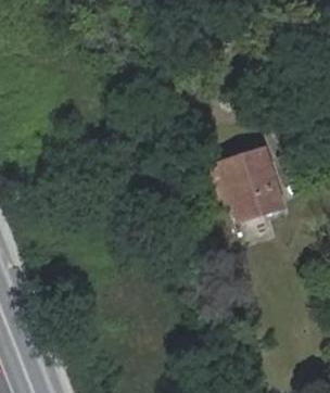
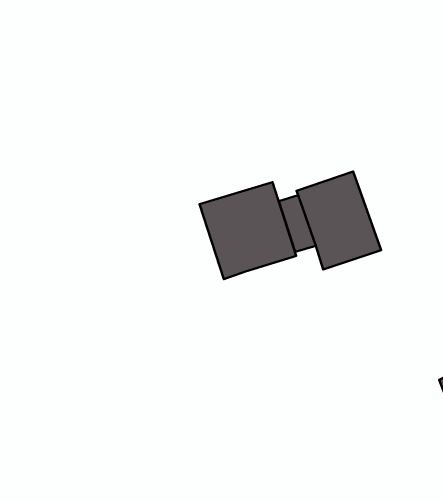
building: none -> [199,182,296,279]

